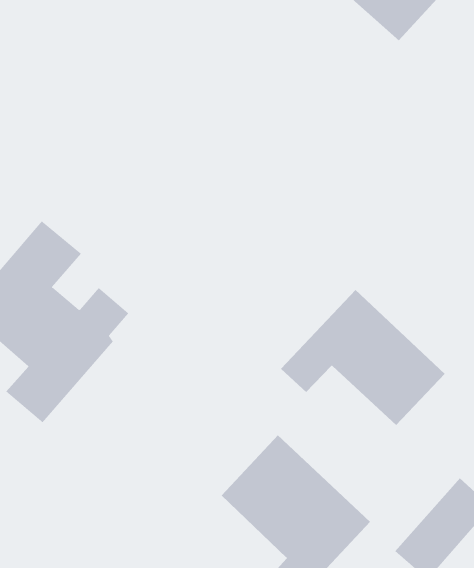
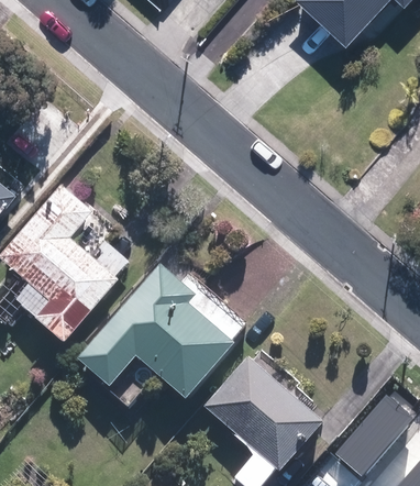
building: [280,289,446,426] -> none
building: none -> [75,266,232,402]

